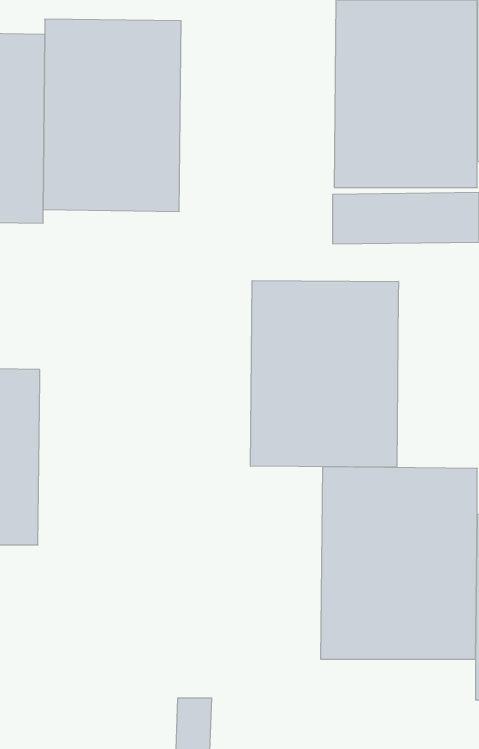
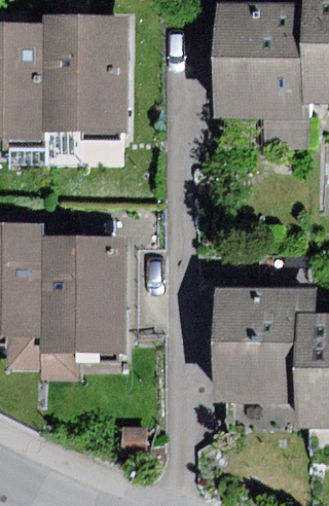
building: [251,281,398,467] -> none
building: none -> [43,233,131,351]

